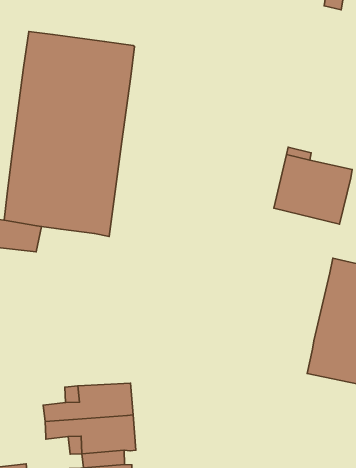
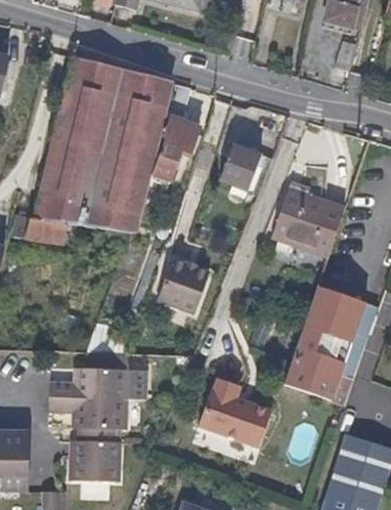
building: none -> [149,82,198,178]
building: none -> [216,141,271,195]
building: none -> [159,258,211,312]
building: none -> [200,377,272,448]

